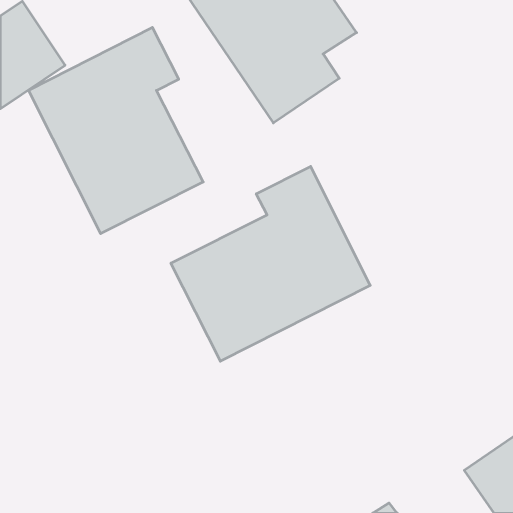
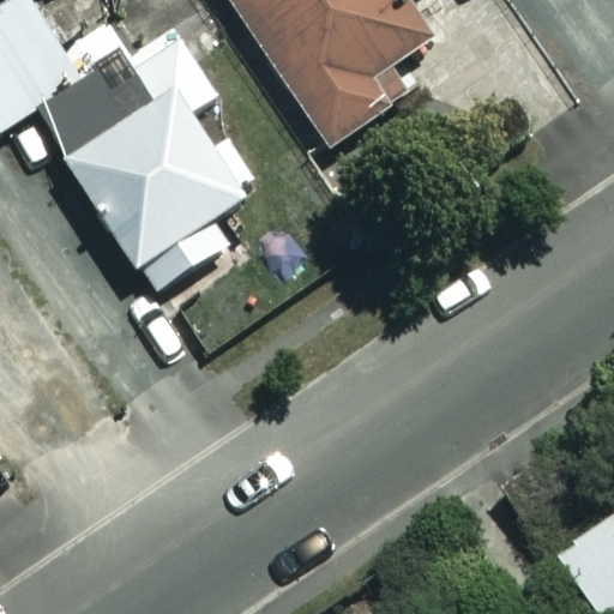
building: [171,166,370,361] -> none

